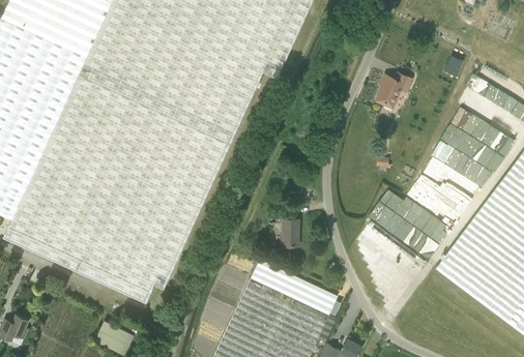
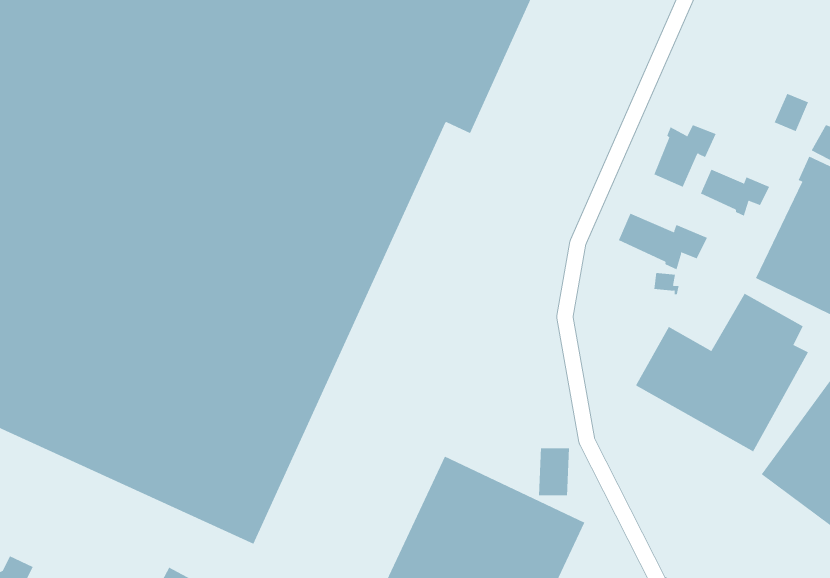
building: none -> [700,169,770,217]
building: none -> [618,213,708,270]
building: [282,218,299,245] -> [538,448,570,496]

